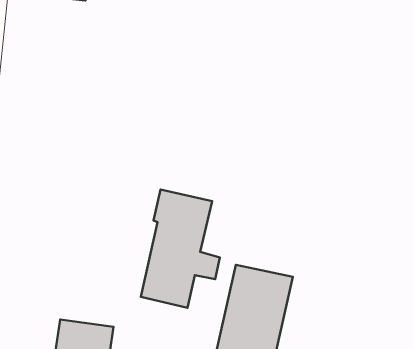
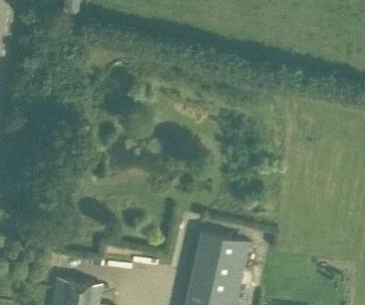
building: [141,189,220,308] -> none

